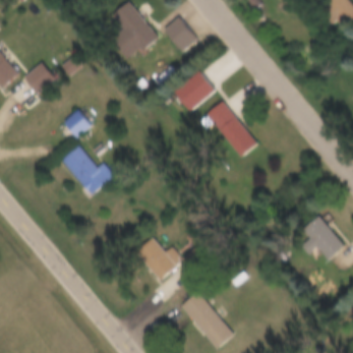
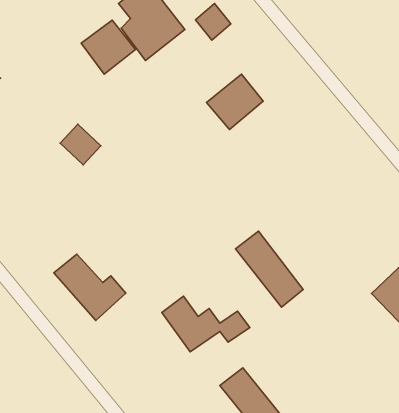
building: none -> [81,20,135,74]
building: [24,64,55,95] -> none
building: [208,101,258,158] -> [236,231,303,307]
building: [63,146,117,196] -> [54,254,126,320]

